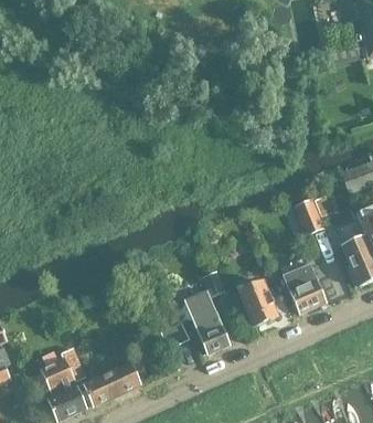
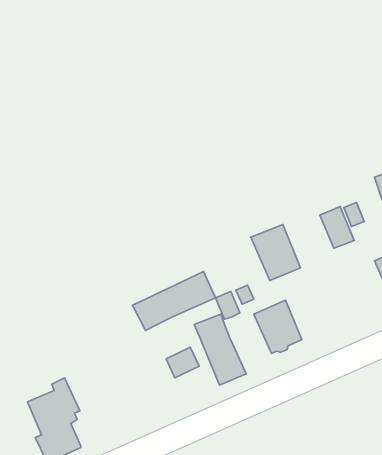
building: none -> [132,271,216,330]
building: [284,264,327,313] -> [251,225,300,280]
building: [78,362,142,406] -> none

